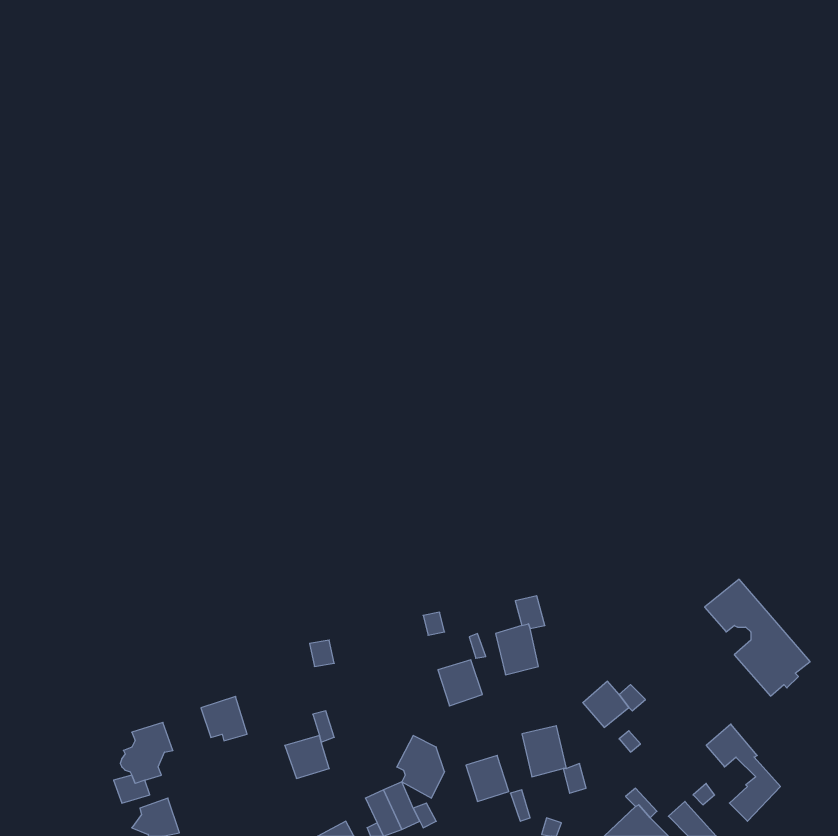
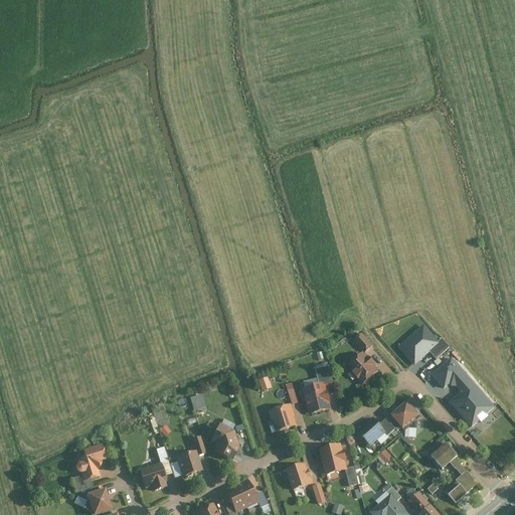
building: none -> [399,325,437,362]
building: none -> [345,350,378,384]
building: none -> [391,399,420,428]
building: [201,696,247,741] -> [138,462,166,489]
building: [397,736,445,798] -> [209,421,238,460]

